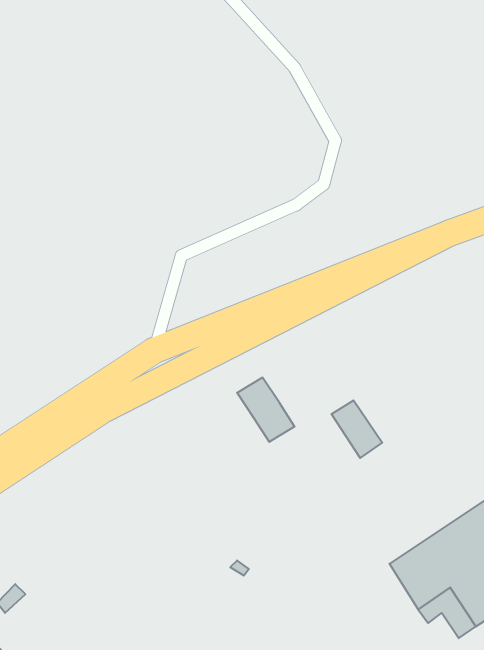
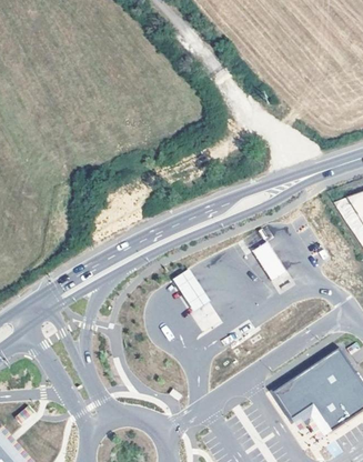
building: [331,400,382,458] -> [252,243,285,281]

